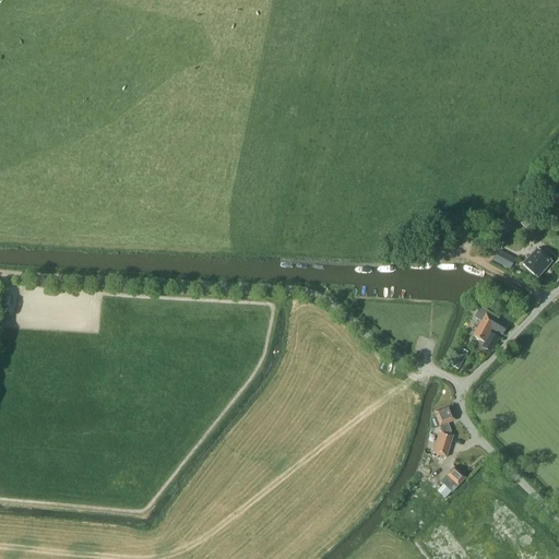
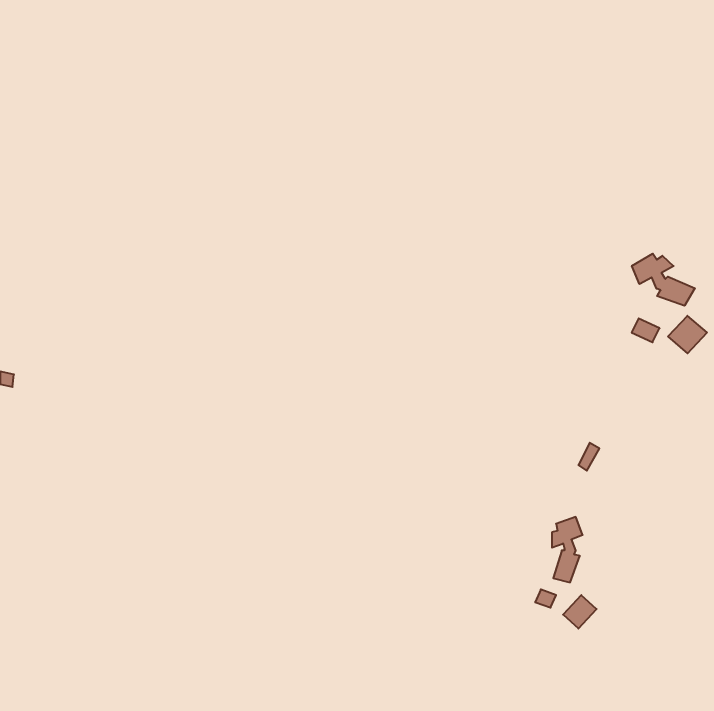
building: none -> [632,254,695,306]
building: [473,306,508,350] -> none

